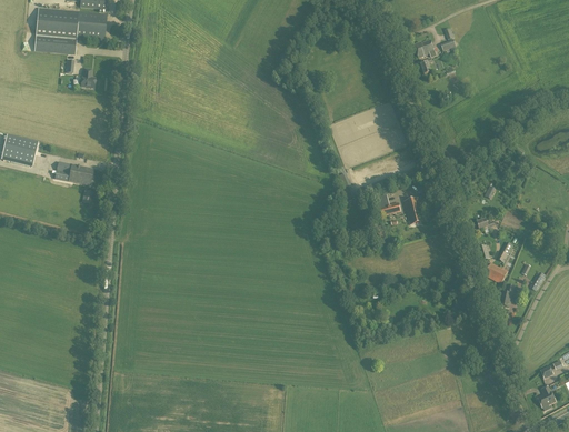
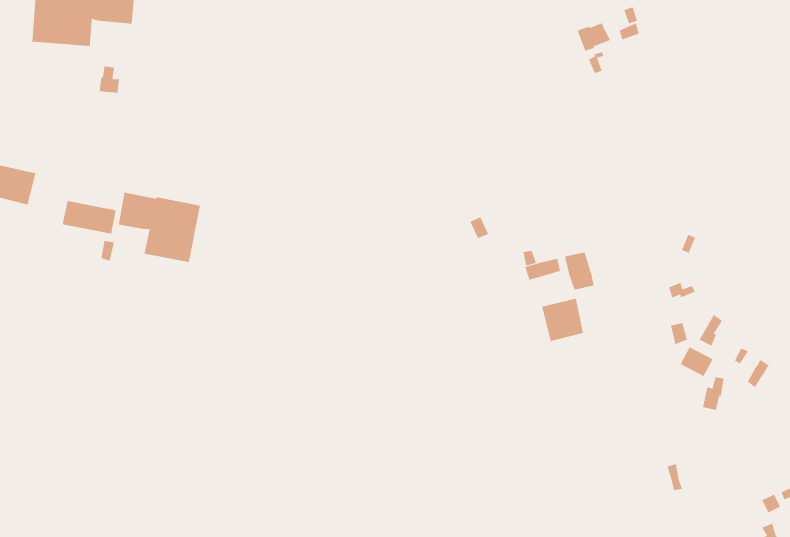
building: none -> [118,192,201,263]
building: none -> [542,298,583,342]

